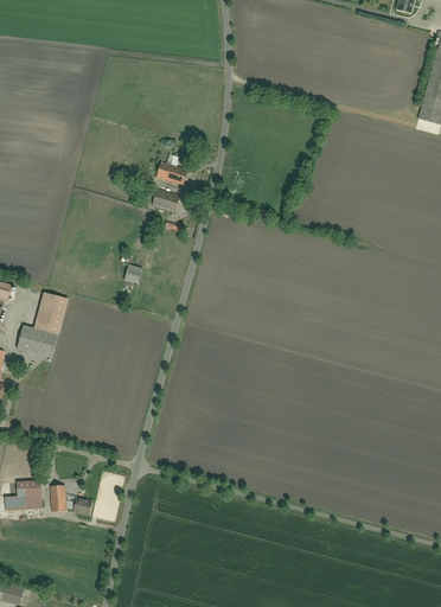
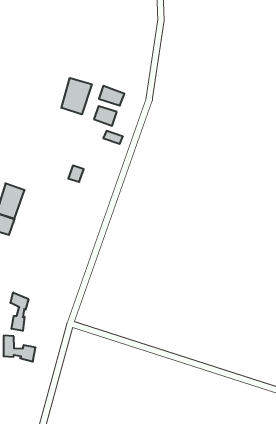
building: none -> [61,78,92,114]
building: none -> [10,292,28,331]

